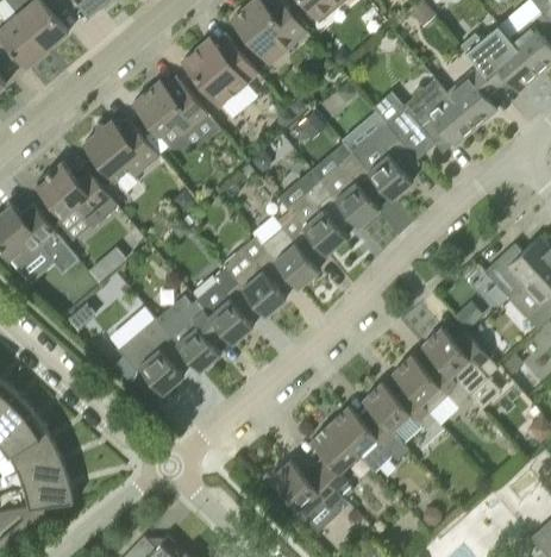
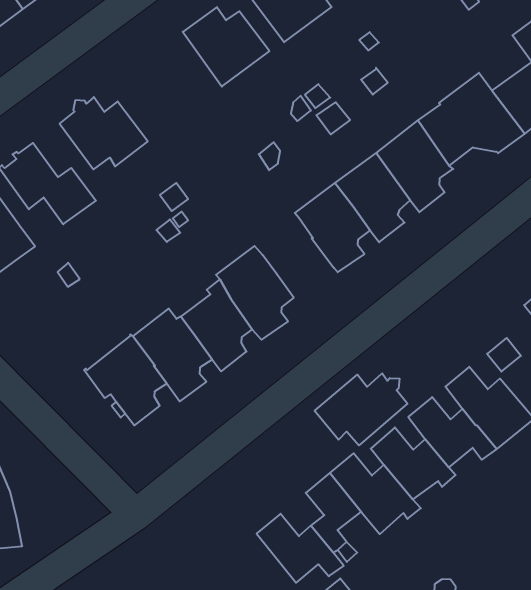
building: [132,81,207,136] -> none
building: [261,211,321,288] -> none
building: none -> [315,373,407,445]

